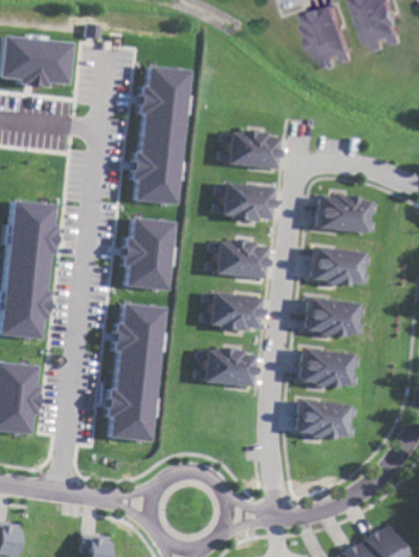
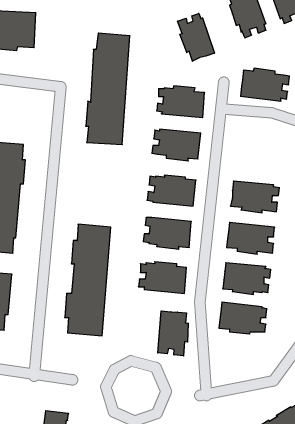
building: none -> [178,13,214,61]
building: [318,194,378,235] -> [241,68,289,101]
building: [122,217,173,289] -> none
building: none -> [158,311,188,356]

